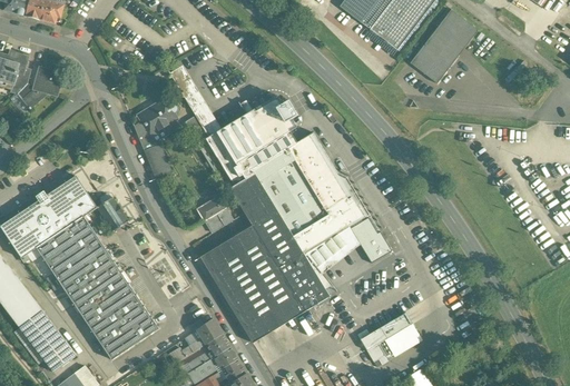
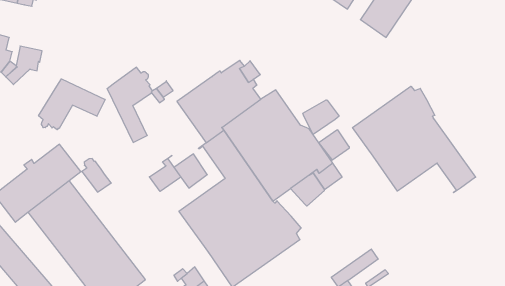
building: none -> [39,79,105,130]
building: none -> [353,86,476,193]
building: none -> [303,100,339,135]
building: none -> [149,156,181,191]
building: [358,231,391,264] -> [319,130,349,160]
building: [302,240,336,270] -> none

